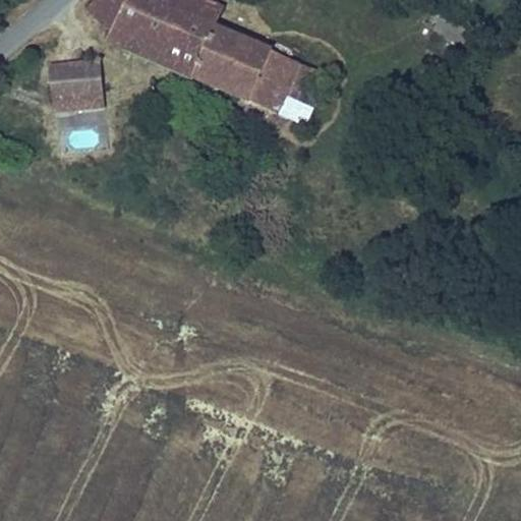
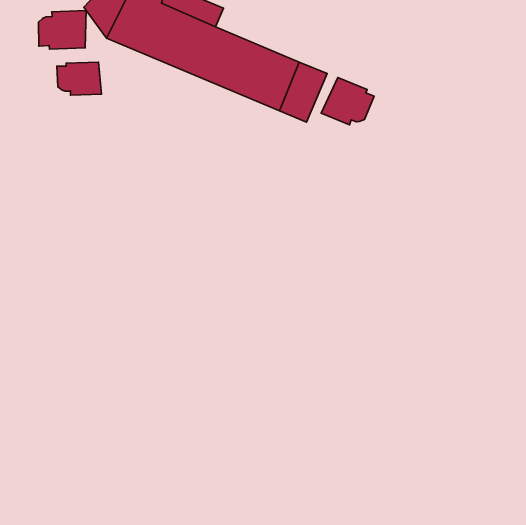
building: none -> [39,11,86,49]
building: none -> [321,78,374,125]

